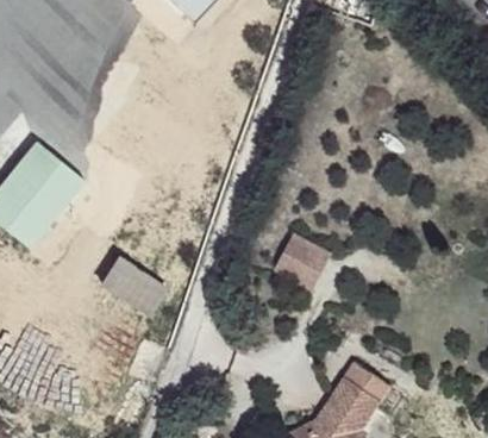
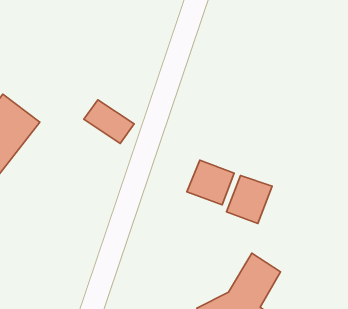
building: none -> [227,175,272,224]
building: [102,258,167,314] -> [84,100,134,143]

